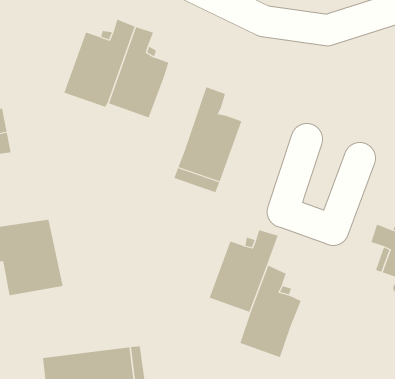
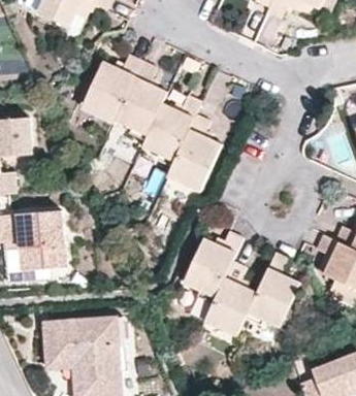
building: none -> [140,96,200,164]
building: none -> [247,253,299,327]

